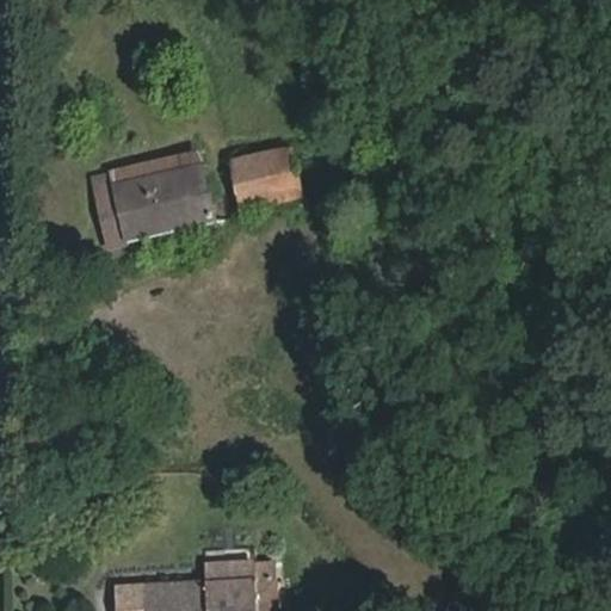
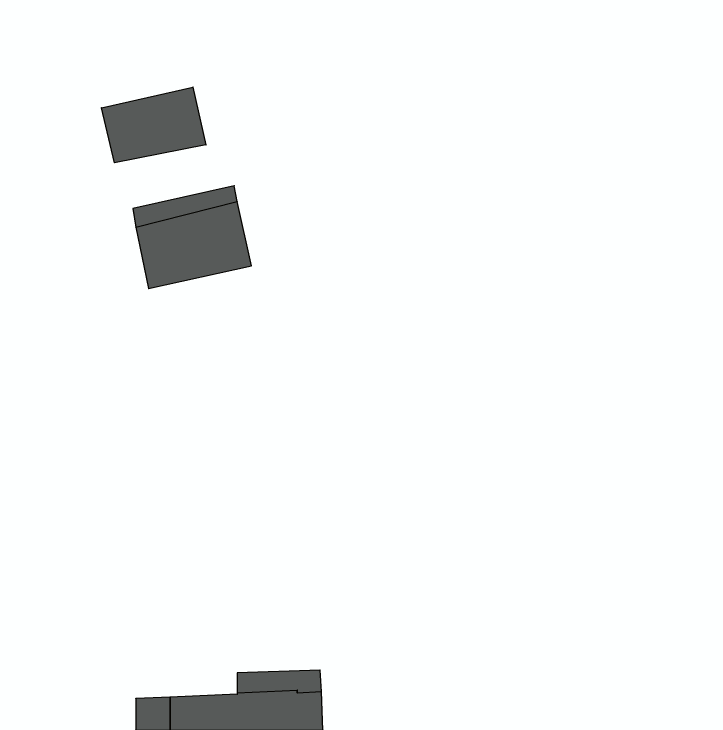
building: none -> [101,87,206,163]
building: [227,150,296,214] -> none

